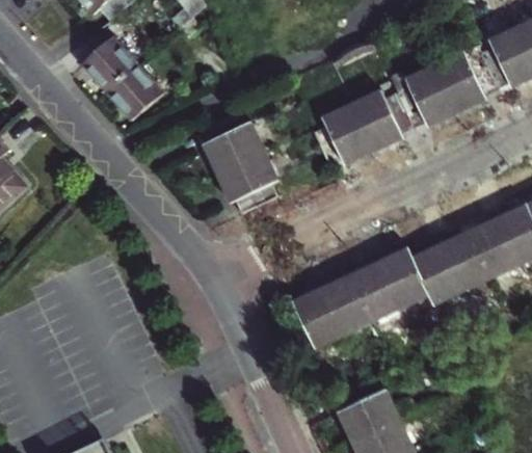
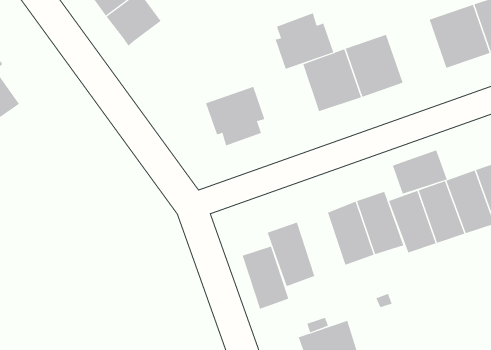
building: [394,65,457,132] -> none
building: [204,111,265,171] -> [275,12,334,69]
building: none -> [392,150,447,194]
building: [322,270,374,336] -> [242,246,289,309]

